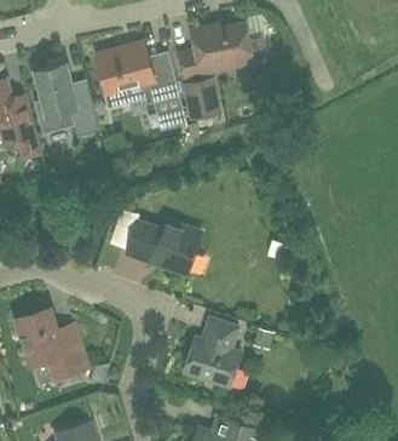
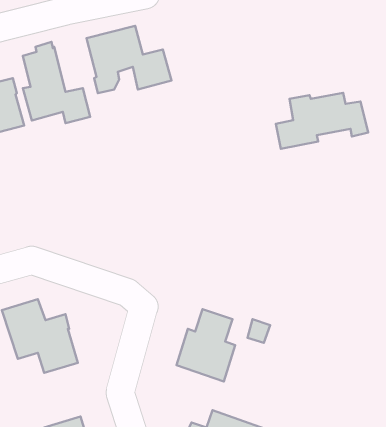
building: [178,23,267,78] -> [276,93,368,149]
building: [179,78,219,122] -> none
building: [125,220,200,274] -> none

